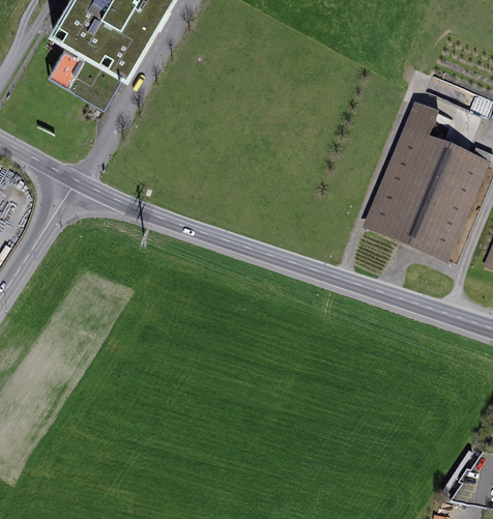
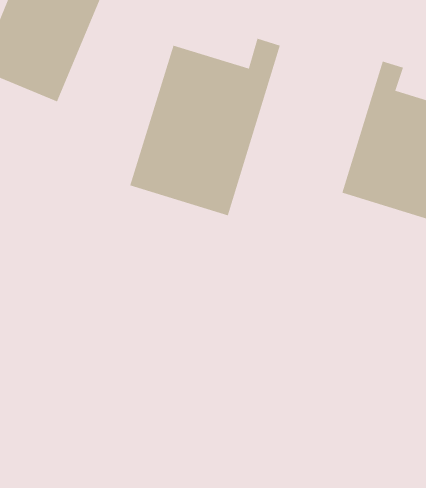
building: none -> [129,38,280,216]

